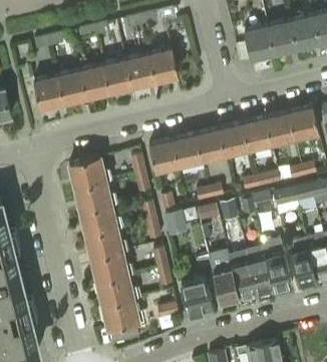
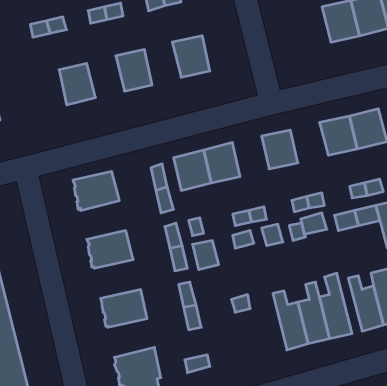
building: [244,26,274,60] -> none
building: [125,54,154,88] -> none
building: [79,65,109,98] -> none
building: [33,76,63,109] -> none
building: [242,118,272,150] -> none
building: [196,129,225,161] -> none
building: [74,180,110,212] -> none
building: [85,228,122,259] -> none
building: [212,255,239,304] -> none
building: [96,275,133,306] -> none
building: [181,277,212,312] -> none

